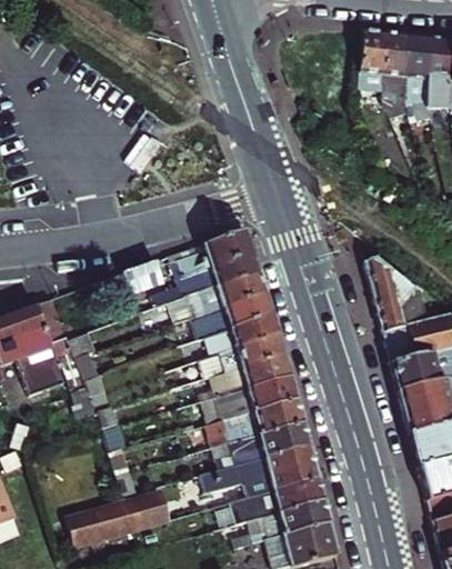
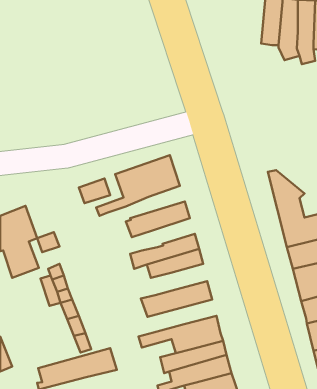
building: [159,278,262,332] -> none
building: [219,321,275,360] -> none
building: [217,382,292,425] -> none
building: [212,430,304,475] -> none

